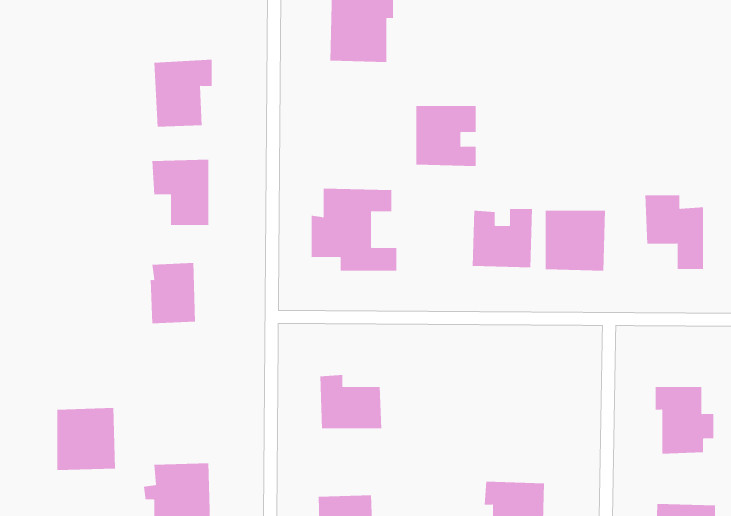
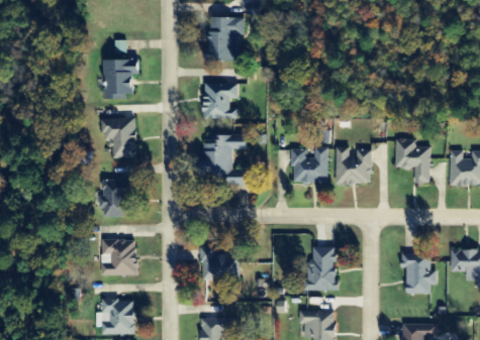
building: [415,106,476,167] -> [202,83,238,119]
building: none -> [308,245,335,290]
building: [57,408,116,470] -> [102,238,137,275]

